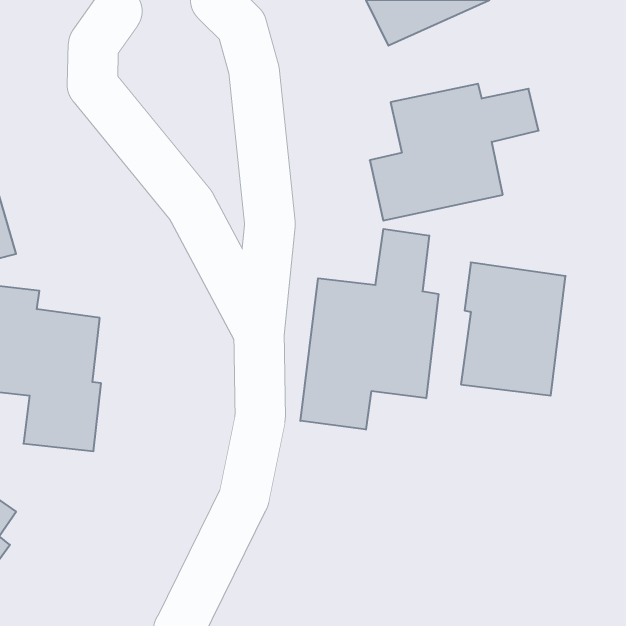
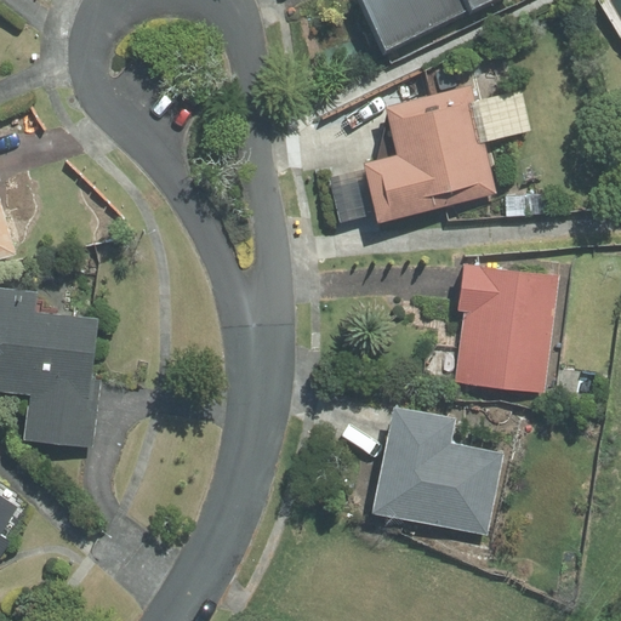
building: [300,229,438,430] -> none
building: none -> [371,405,502,536]

